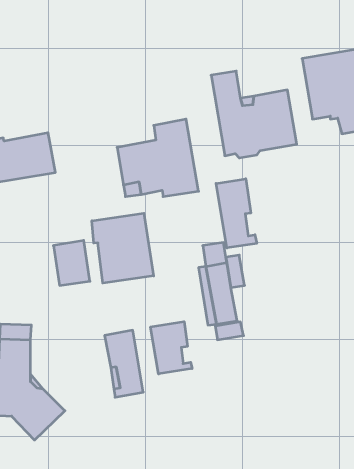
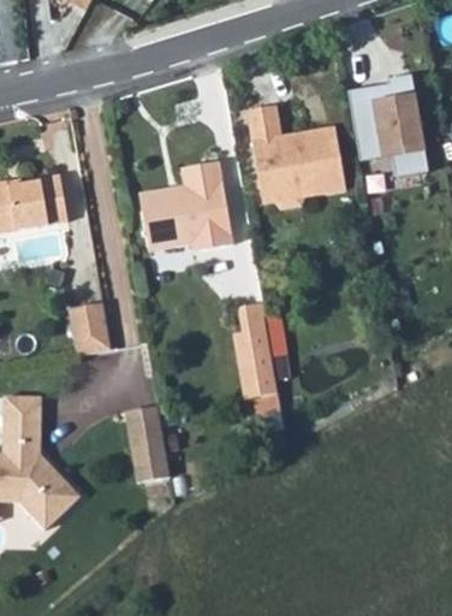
building: [216,179,257,248] -> none
building: [92,213,154,283] -> none
building: [151,322,192,374] -> none

